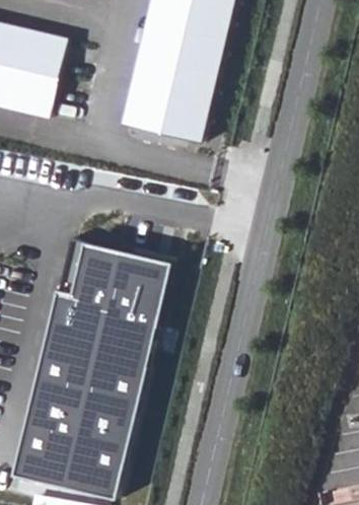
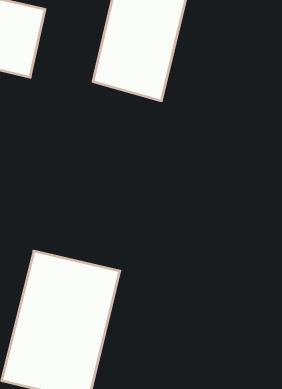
building: [52,240,172,344] -> none

